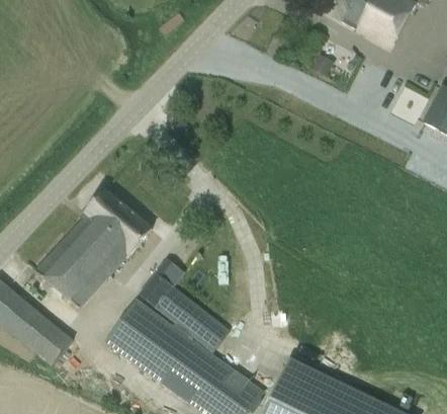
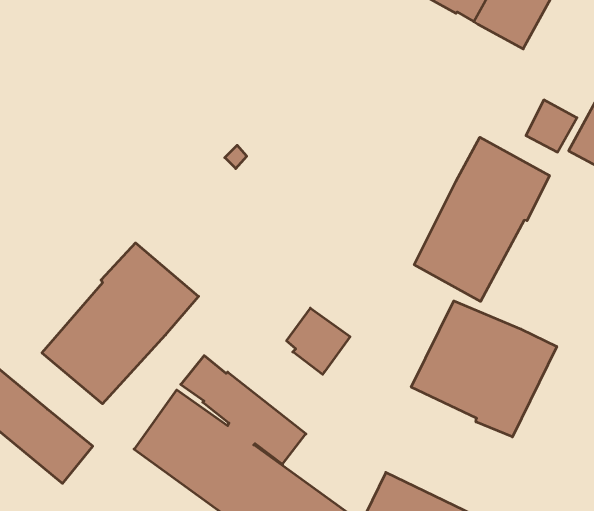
building: none -> [414,137,549,301]
building: none -> [411,301,557,437]
building: none -> [287,308,350,374]

